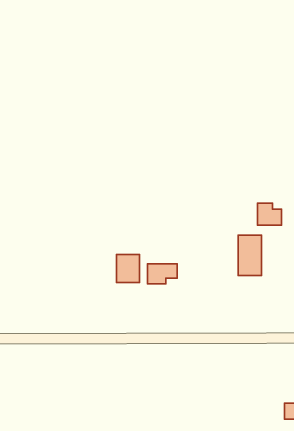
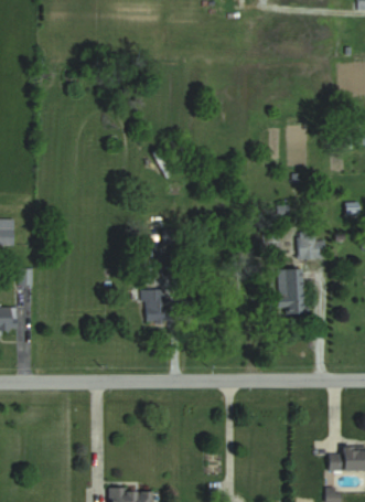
building: [147,264,177,284] -> none

